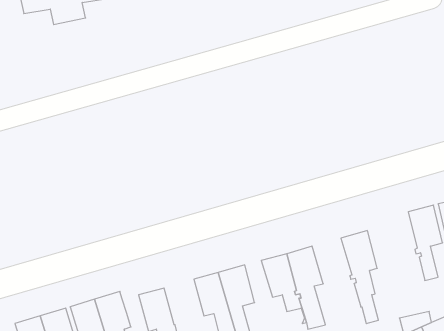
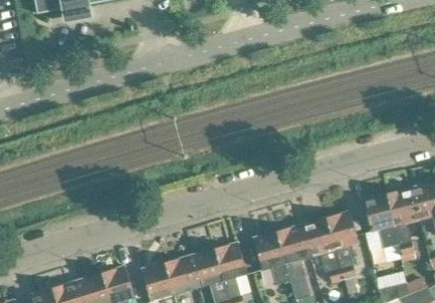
building: none -> [364,193,402,255]
building: none -> [303,217,344,283]
building: none -> [165,255,197,295]

